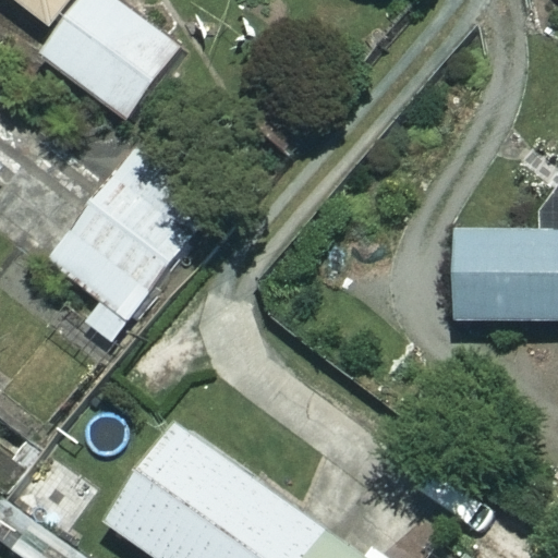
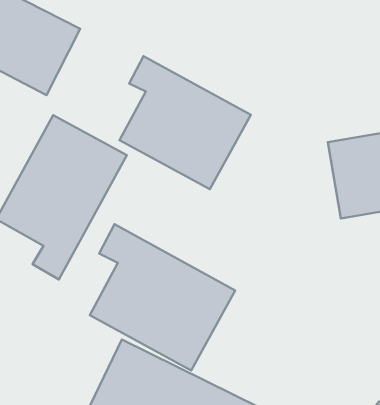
building: none -> [120,56,251,189]
building: none -> [90,224,235,370]

